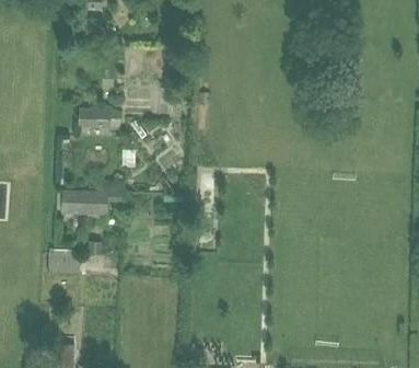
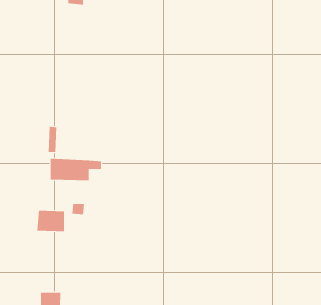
building: [79,108,112,128] -> none

